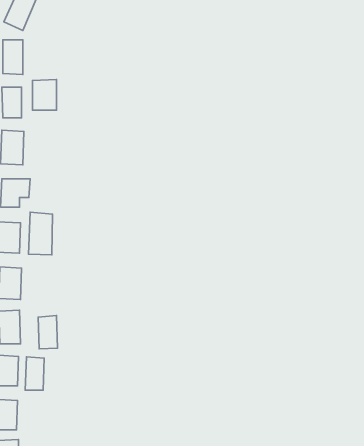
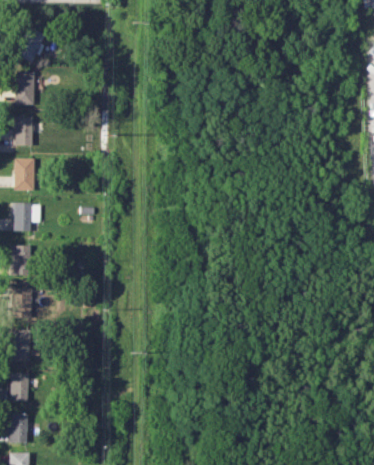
building: [33,80,57,110] -> none
building: [29,212,53,255] -> none
building: [38,315,58,349] -> none
building: [25,357,44,390] -> none

